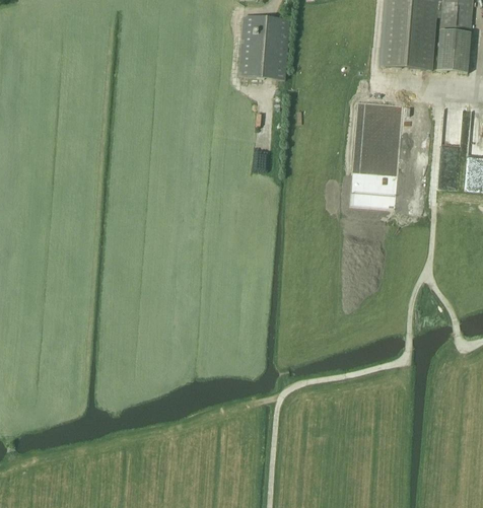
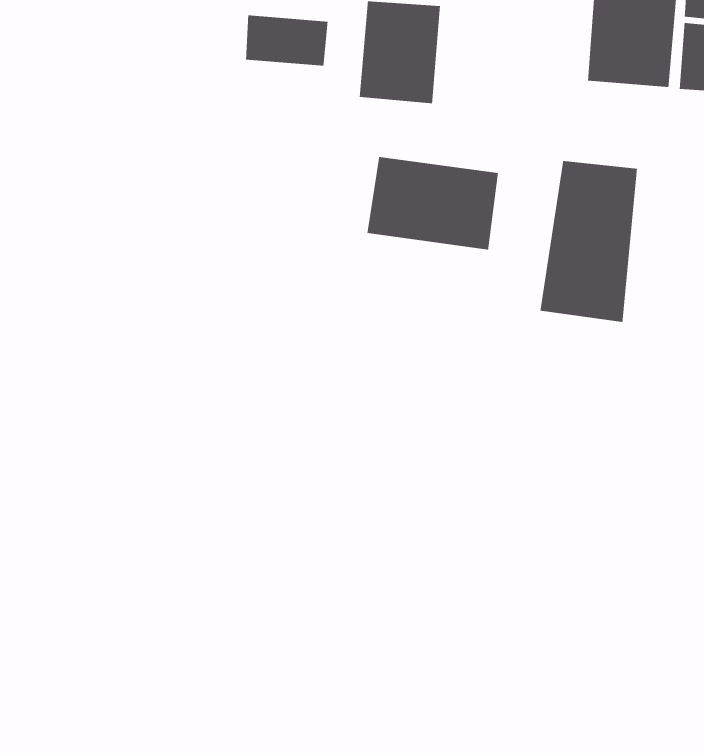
building: none -> [245,14,328,67]
building: none -> [366,156,499,250]

